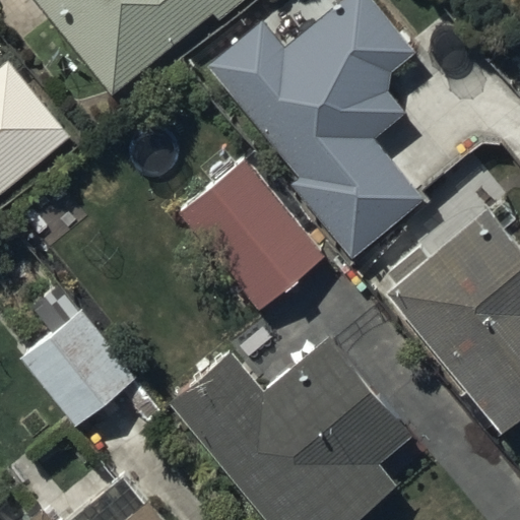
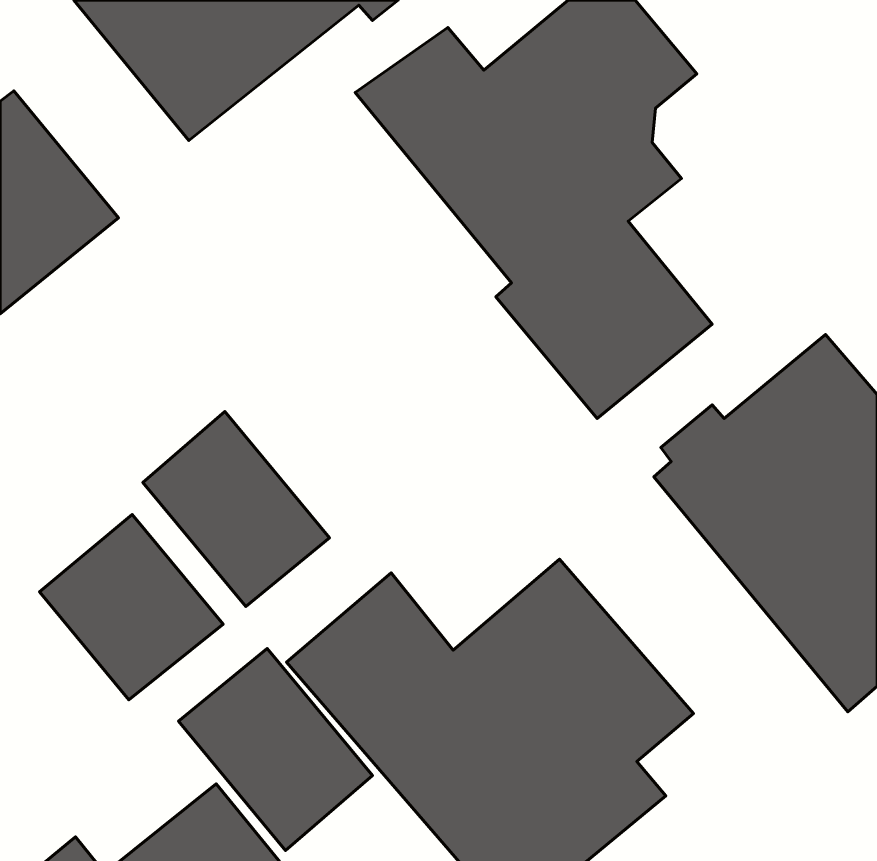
building: [180,164,319,310] -> none
building: none -> [143,411,330,606]
building: none -> [179,649,372,850]

